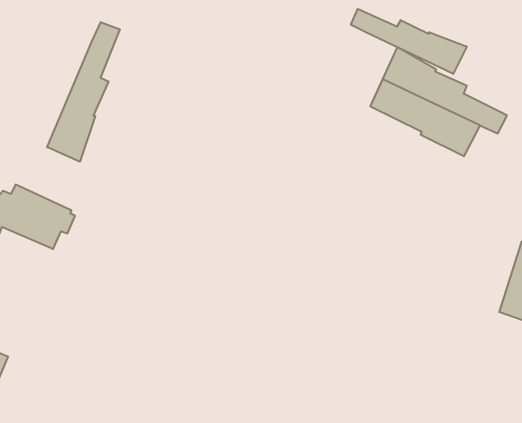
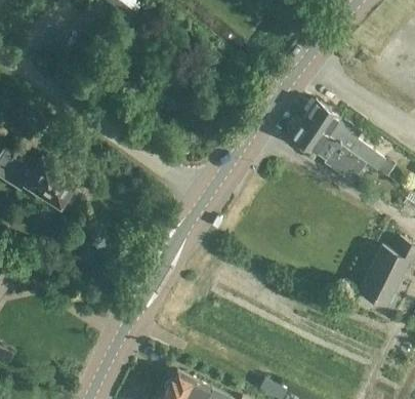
building: [351,9,467,74] -> none
building: [47,22,120,162] -> none

